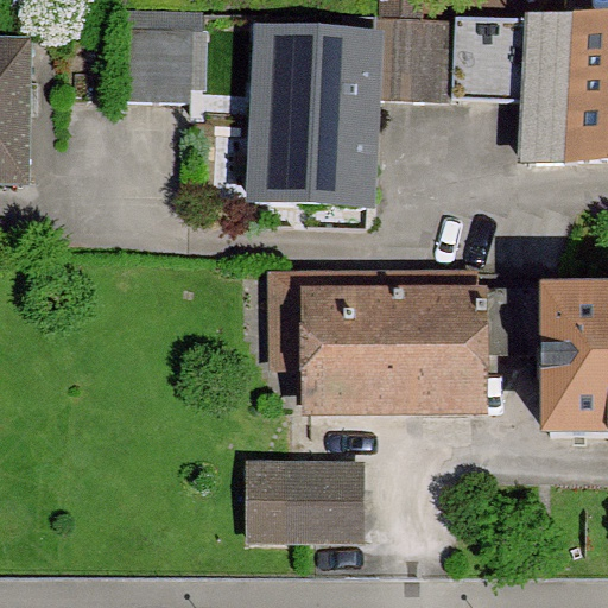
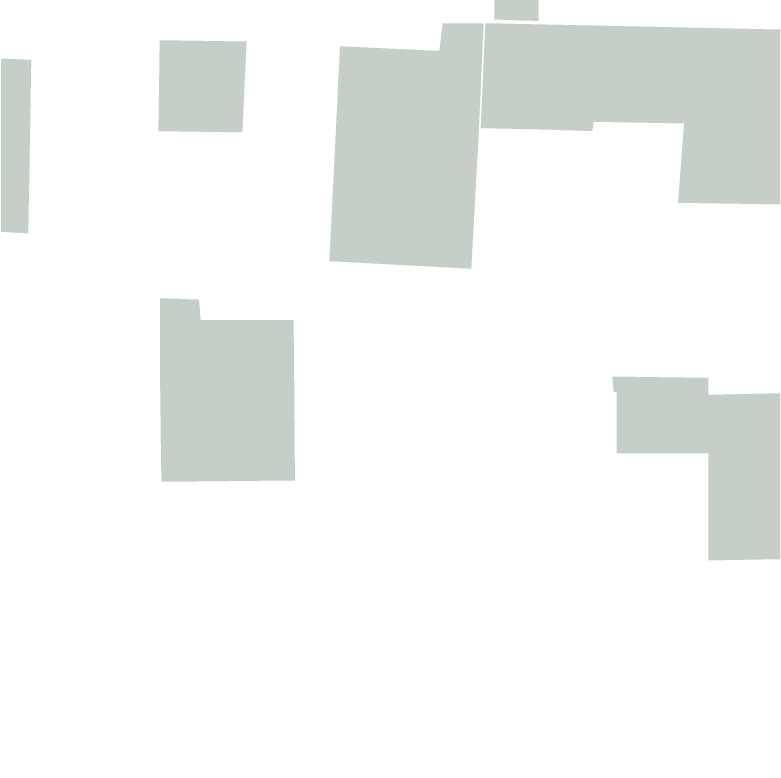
building: none -> [159,297,295,482]
building: [273,276,480,408] -> none
building: [251,467,361,542] -> none

